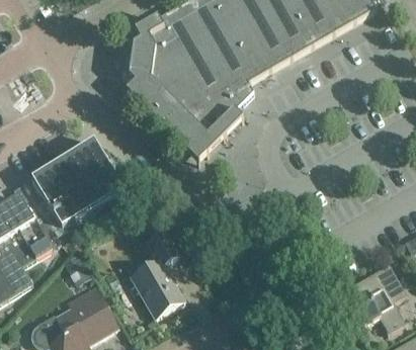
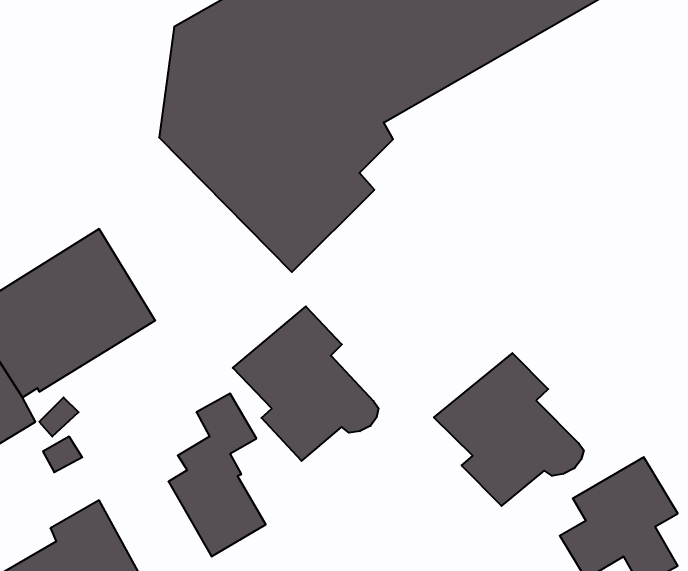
building: none -> [233,306,379,461]
building: none -> [434,353,584,506]

